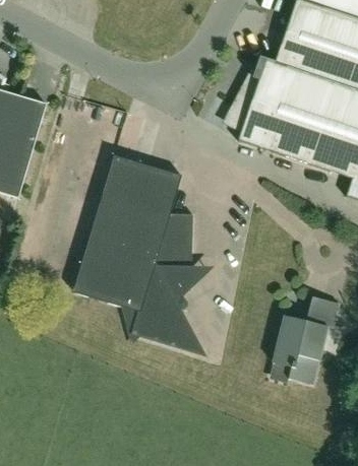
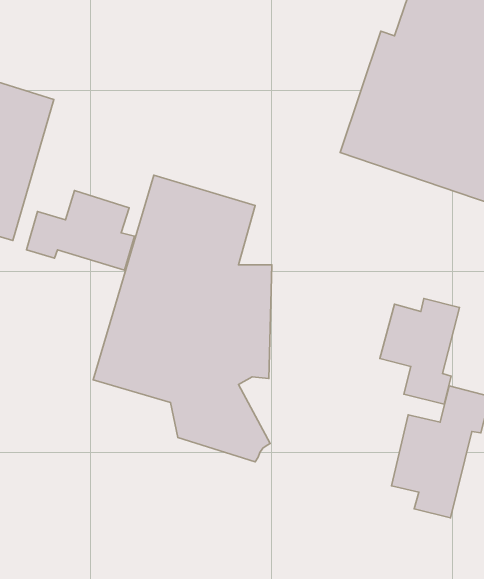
building: none -> [26,190,134,270]
building: none -> [380,298,459,404]

